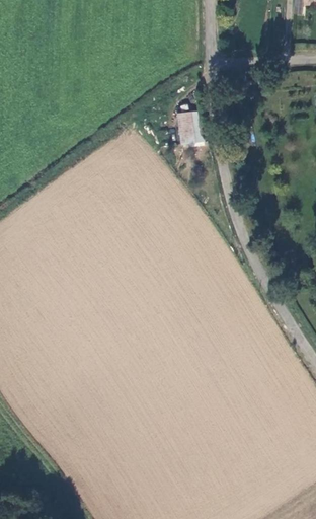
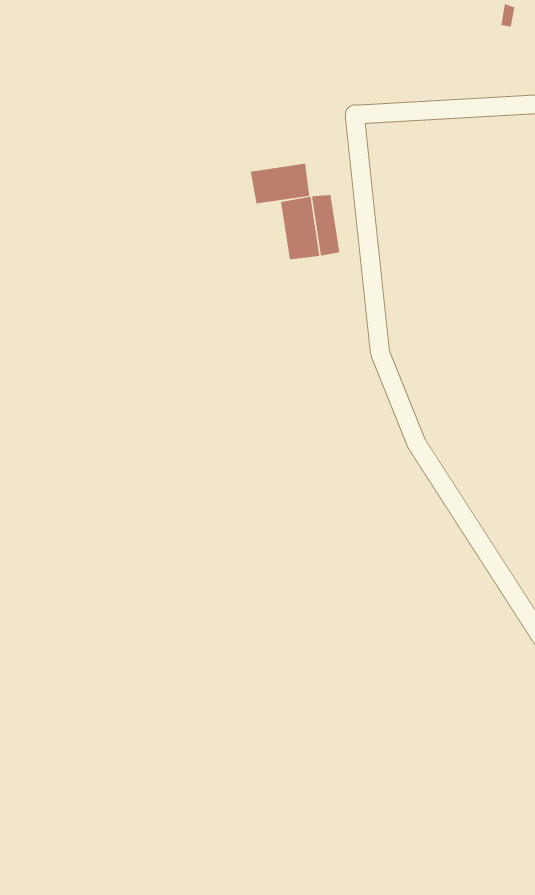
building: none -> [250,163,310,204]

